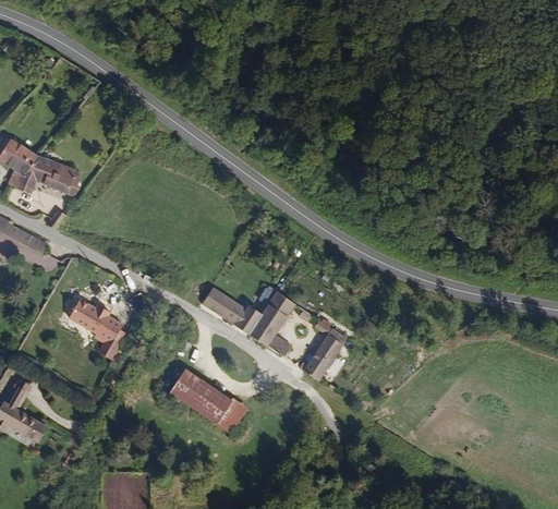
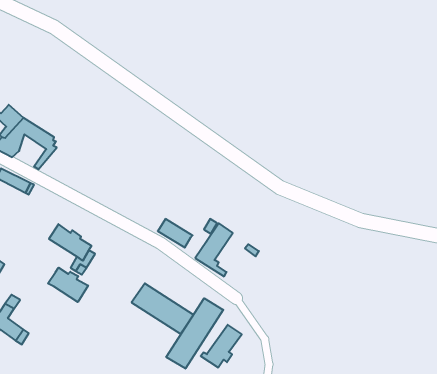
building: [234,304,264,336] -> none
building: [298,328,349,381] -> [201,325,242,367]
building: none -> [48,268,88,302]
building: none -> [166,298,223,369]

